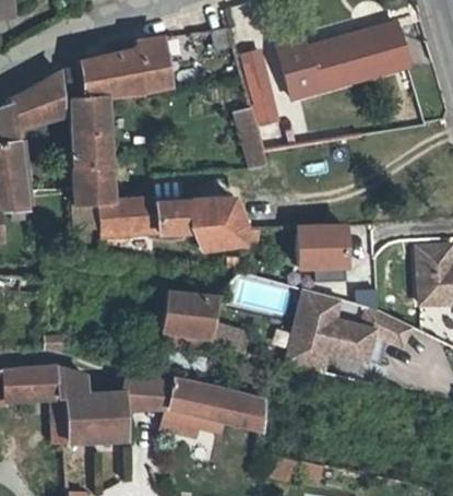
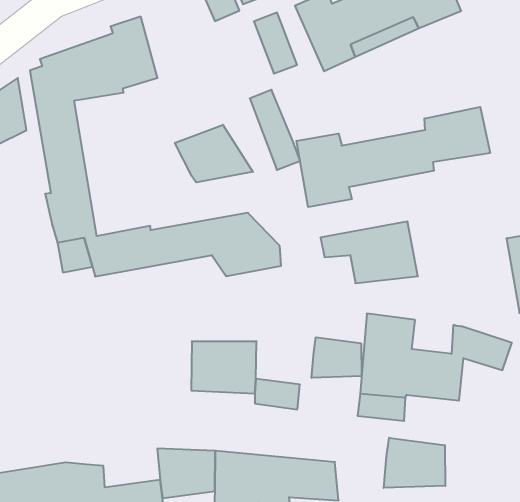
building: none -> [175,125,253,182]
building: none -> [296,107,490,207]
building: none -> [312,337,362,378]
building: none -> [384,438,445,488]

